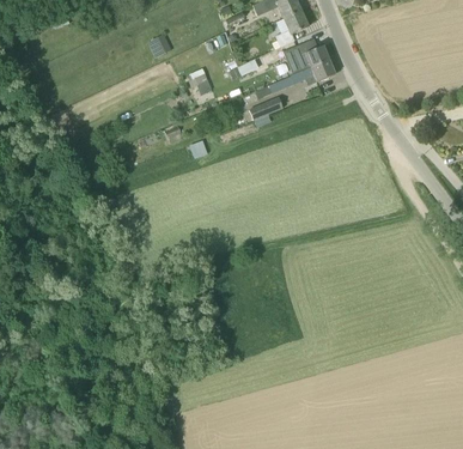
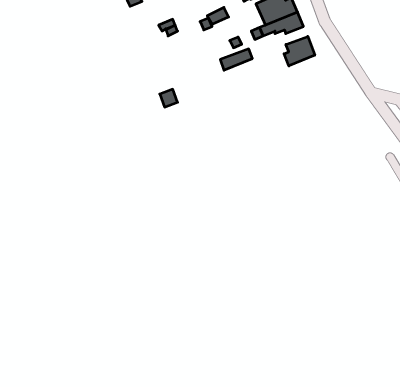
building: none -> [284,36,315,66]

